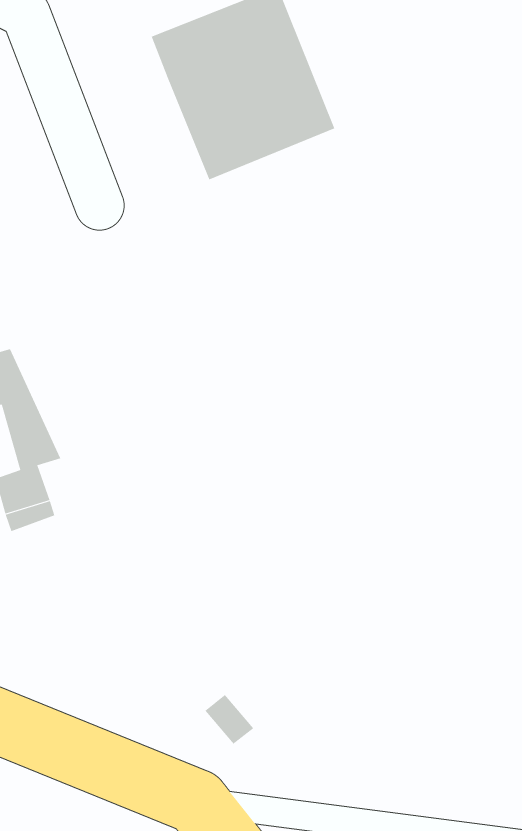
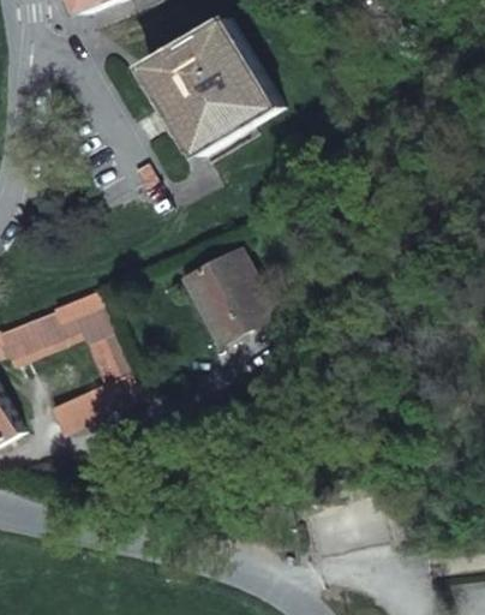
building: none -> [184,252,267,339]

